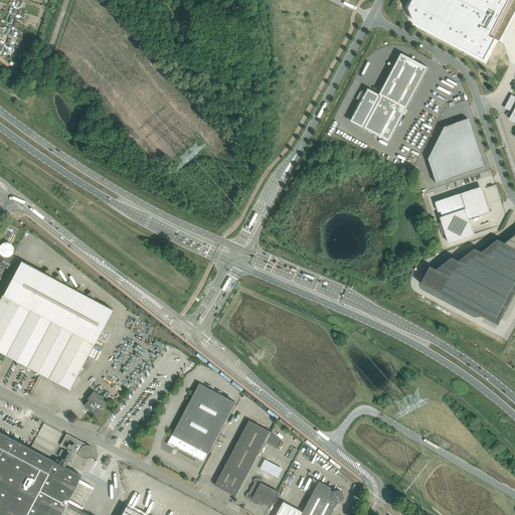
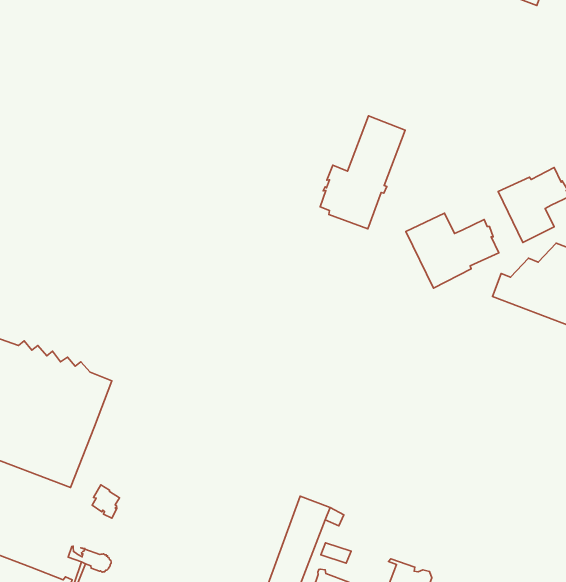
building: [352,52,426,141] -> [320,116,405,229]
building: [426,119,483,183] -> none
building: none -> [406,213,499,288]
building: [166,383,233,462] -> none

